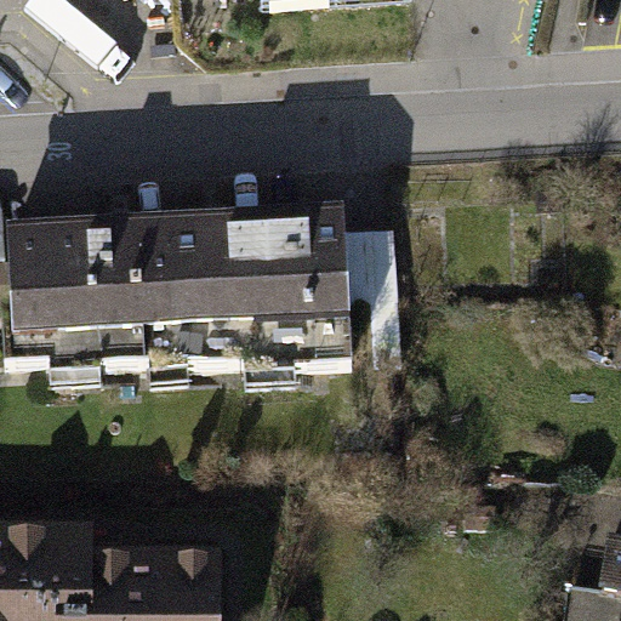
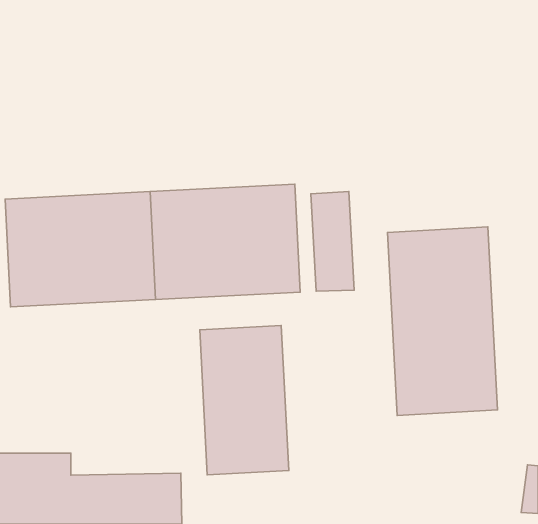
building: none -> [387,227,498,416]
building: none -> [200,326,289,475]

